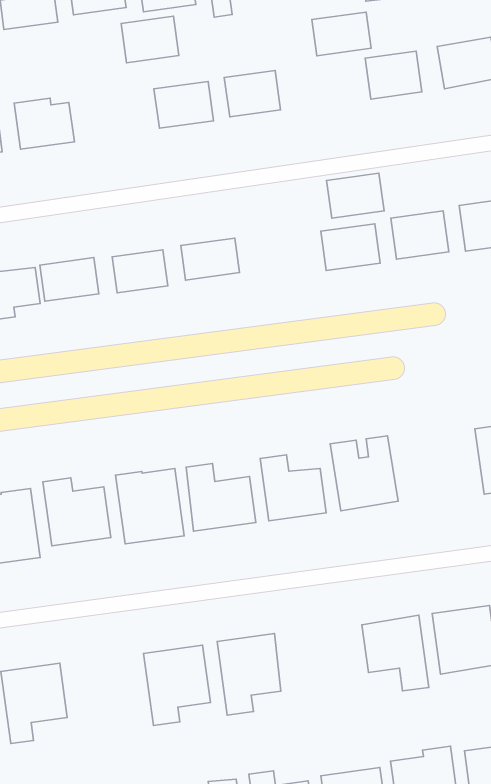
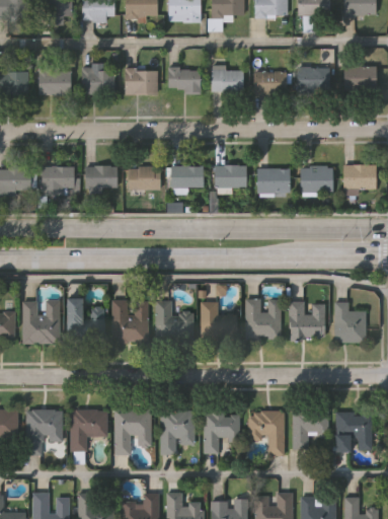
building: [312,12,371,56] -> [254,71,288,93]
building: [121,16,179,63] -> [126,69,158,93]
building: [327,173,384,218] -> [215,164,247,188]
building: none -> [290,300,326,339]
building: none -> [204,411,240,452]
building: none -> [71,410,107,450]

